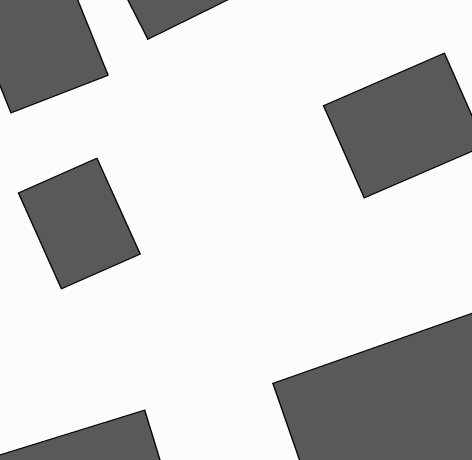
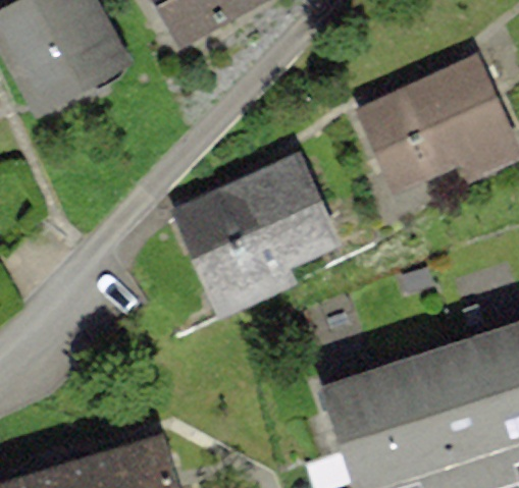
building: none -> [171,157,348,317]
building: [18,158,140,289] -> none

